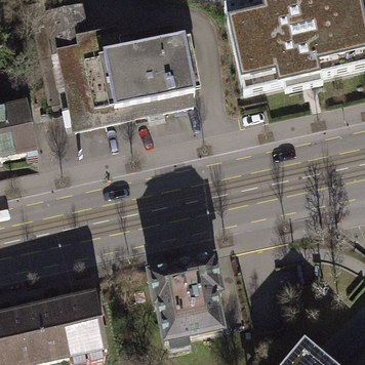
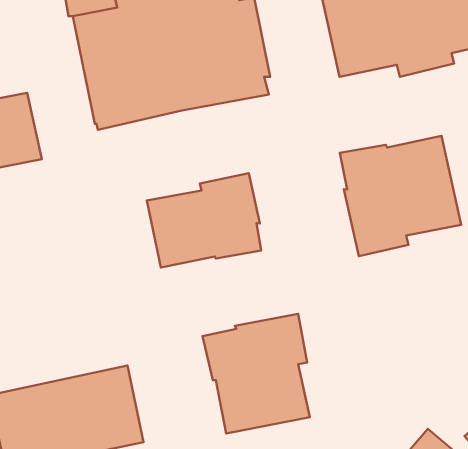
building: none -> [340,136,461,256]
building: none -> [147,173,261,268]

